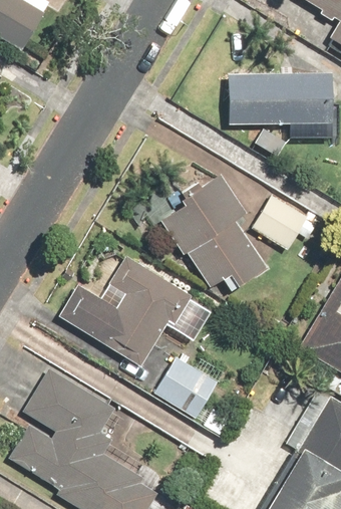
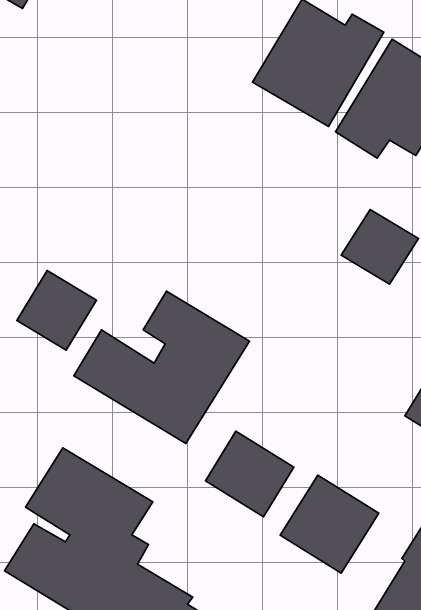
building: [160,174,267,287] -> none
building: none -> [17,270,97,350]
building: none -> [280,475,379,573]

